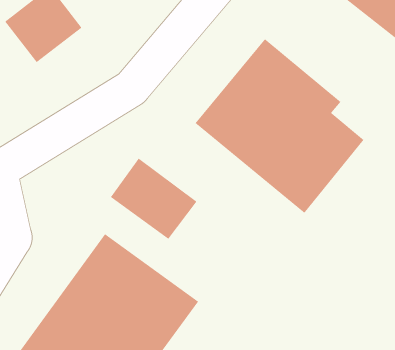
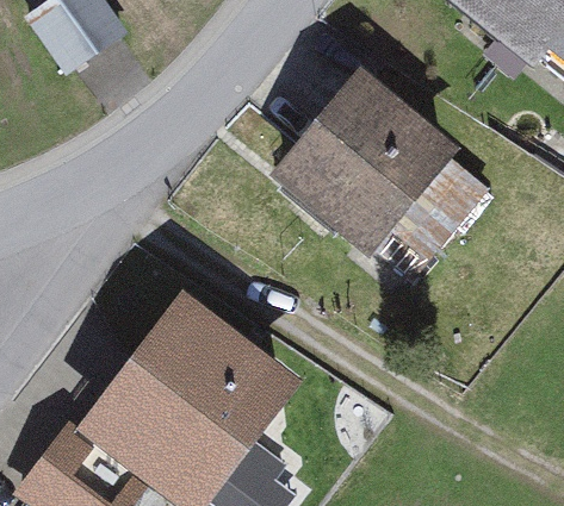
building: [110,158,197,240] -> none

